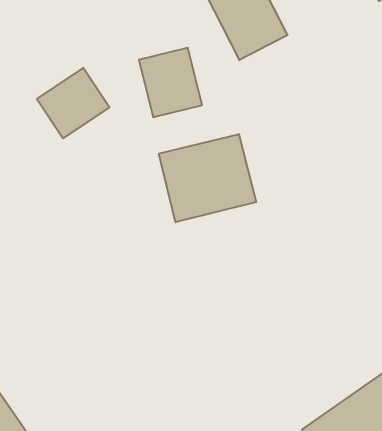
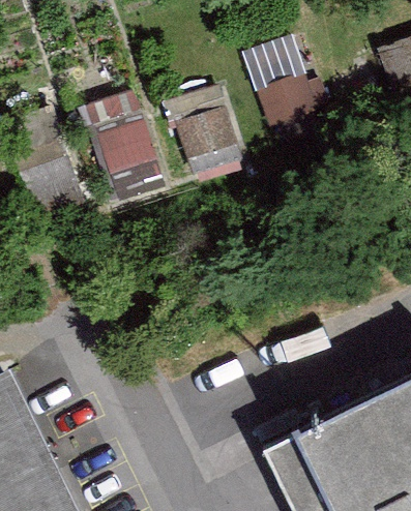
building: [159,134,256,222] -> none

